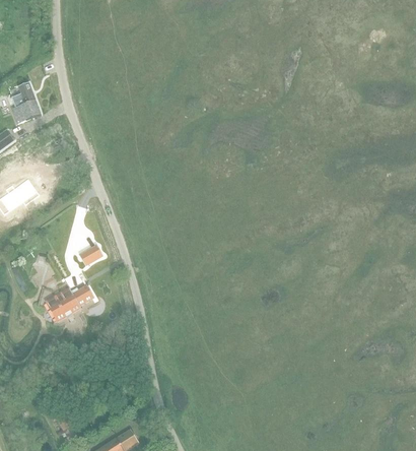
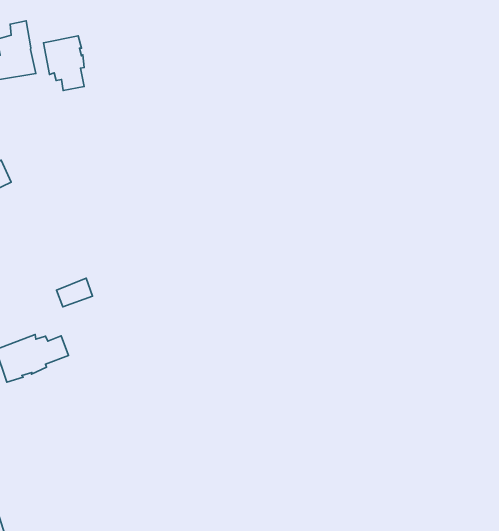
building: none -> [44,36,84,90]

